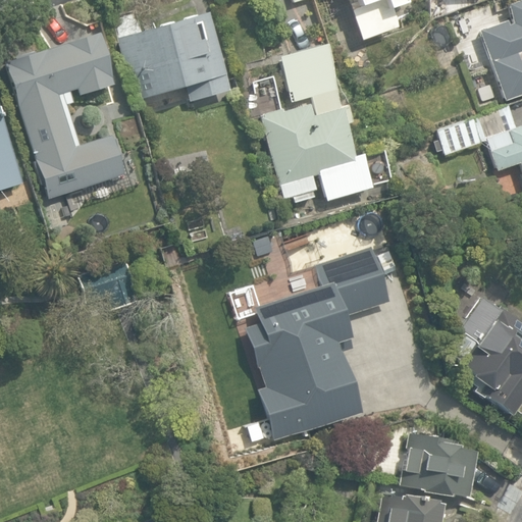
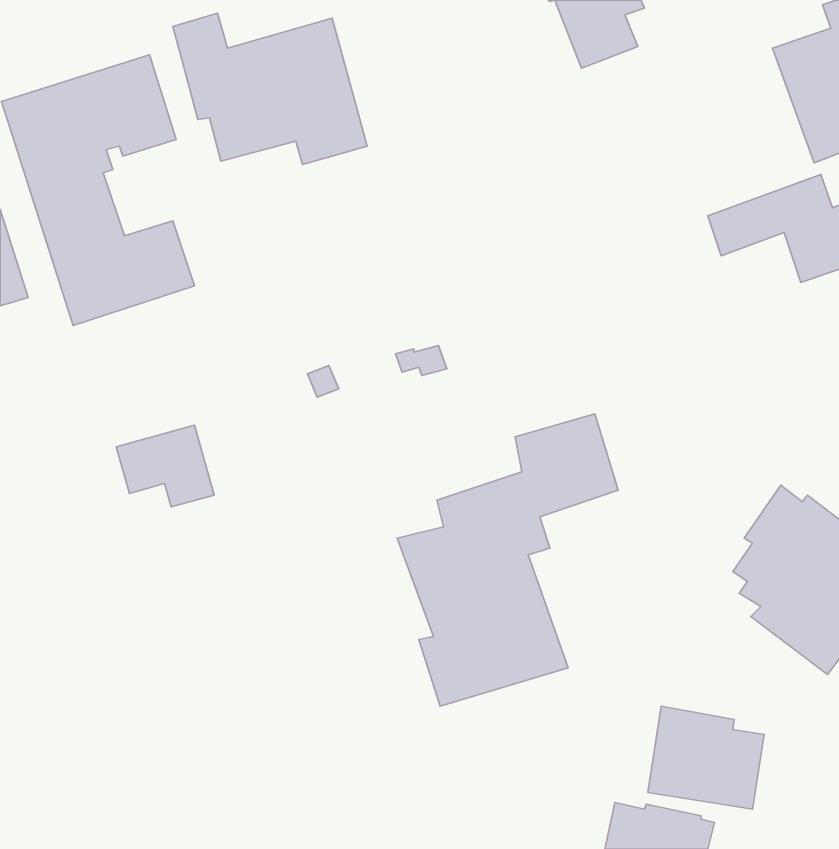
building: [261,45,374,203] -> none

